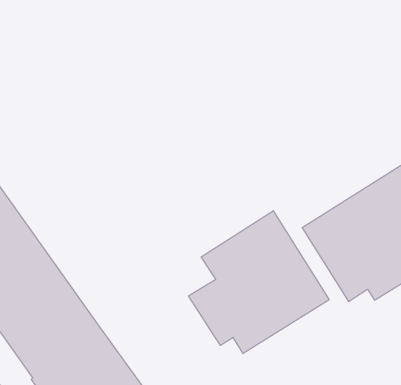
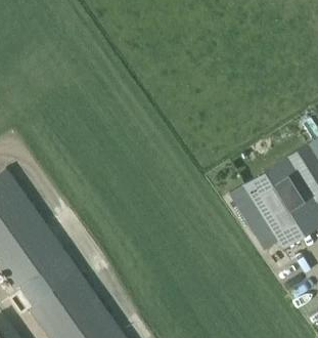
building: [188,211,329,354] -> none

